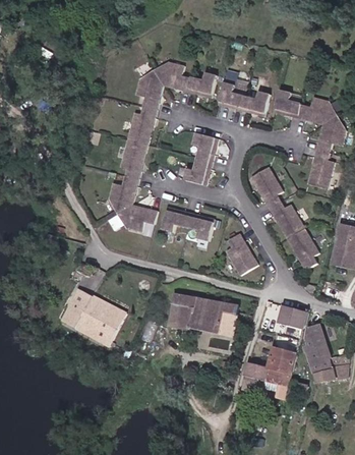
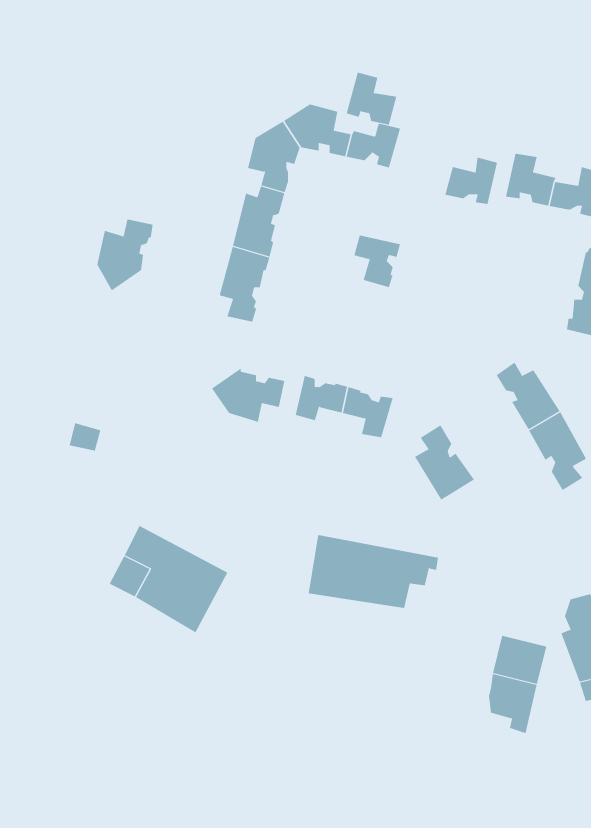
building: [218,82,245,111] -> [346,72,397,125]
building: [183,157,212,184] -> none
building: [250,167,282,208] -> none
building: [108,176,138,215] -> [96,219,153,291]
building: [278,305,307,329] -> none
building: [240,362,267,391] -> none

